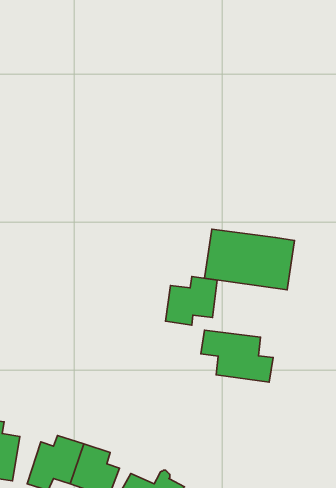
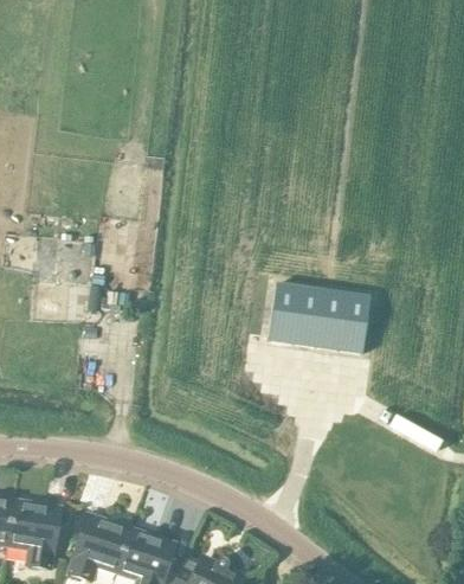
building: [166,276,217,325] -> none
building: [201,330,273,382] -> none

